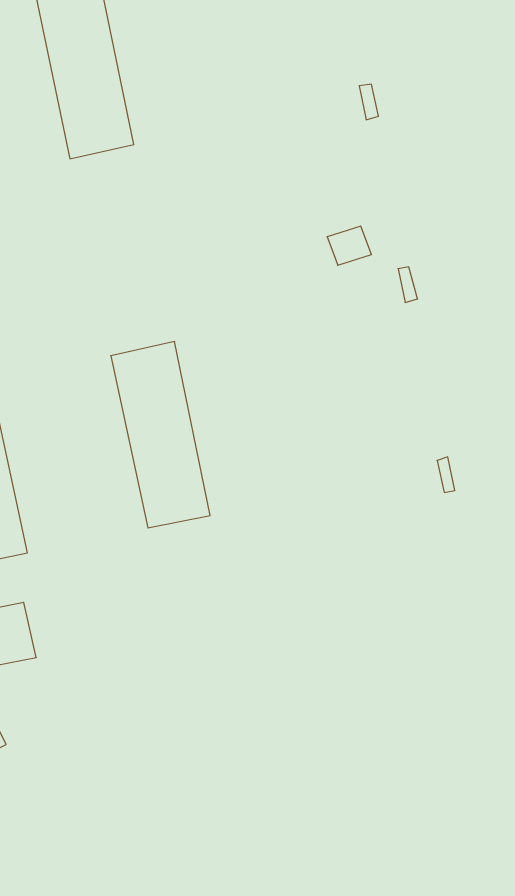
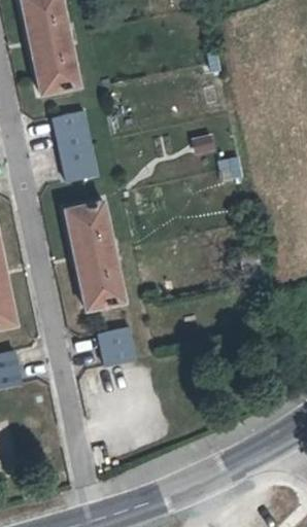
building: none -> [54,111,97,182]
building: none -> [98,326,135,365]

